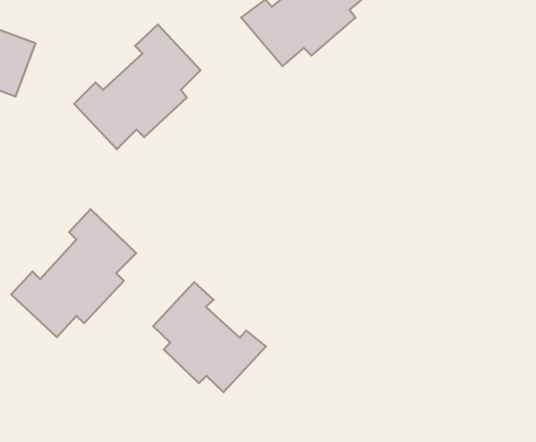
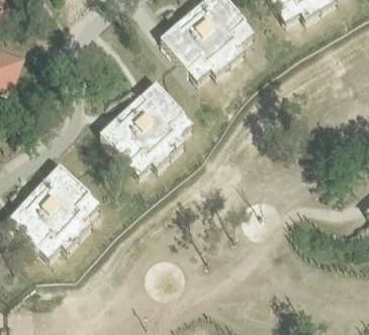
building: [74,25,201,149] -> [101,85,185,168]
building: [153,282,266,392] -> none

